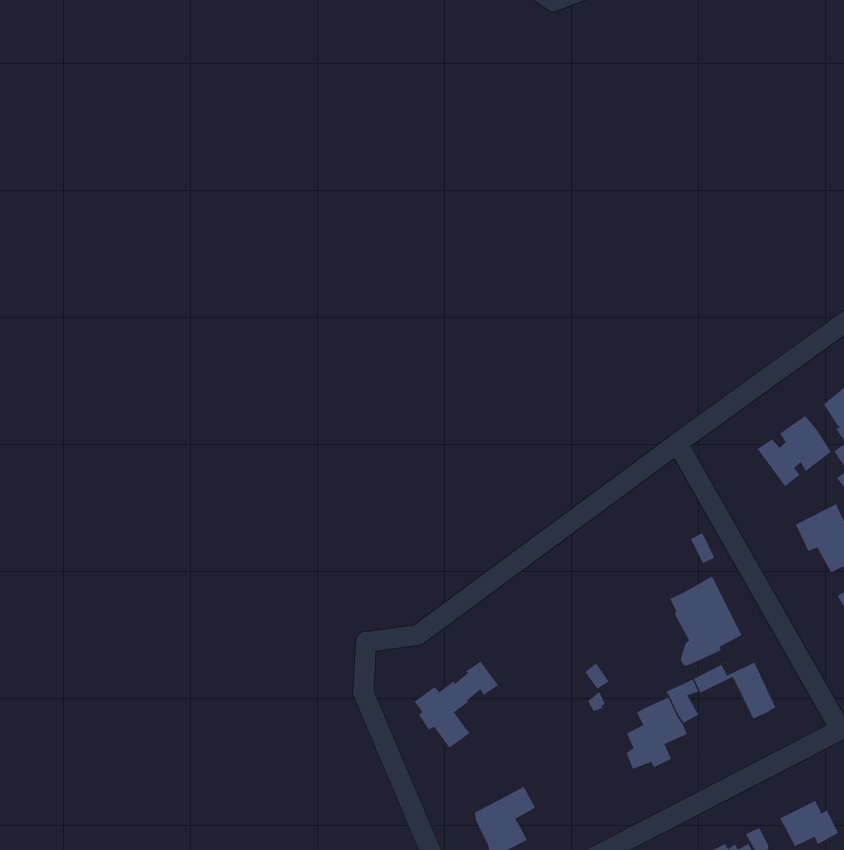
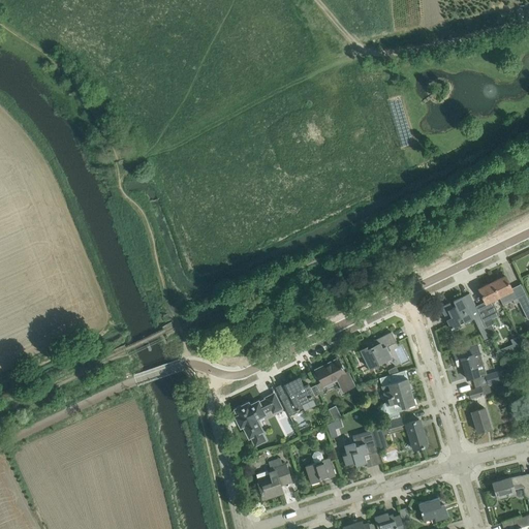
building: none -> [361,333,397,365]
building: none -> [315,360,353,390]
building: none -> [282,378,320,415]
building: none -> [306,452,336,485]

